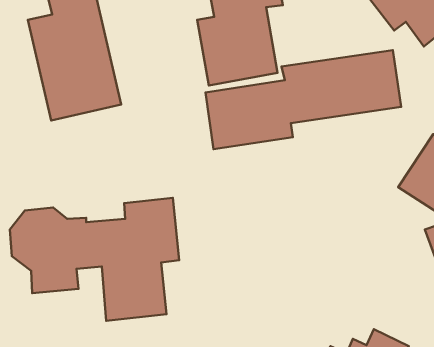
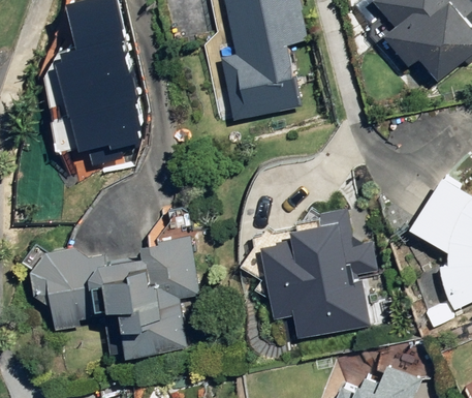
building: [205,50,401,149] -> none
building: none -> [265,207,379,330]

